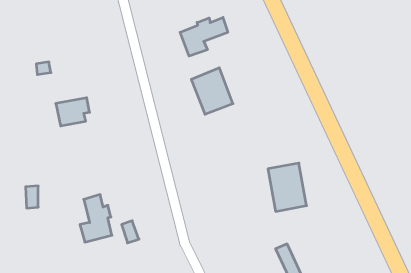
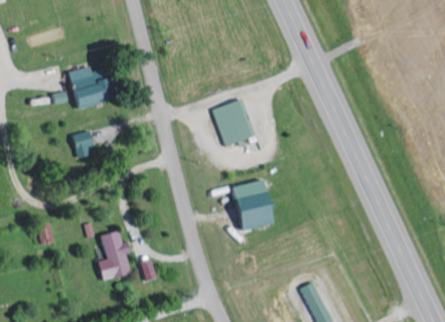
building: [180,17,228,56] -> none
building: none -> [67,66,103,109]
building: [268,163,307,211] -> [230,181,270,231]

